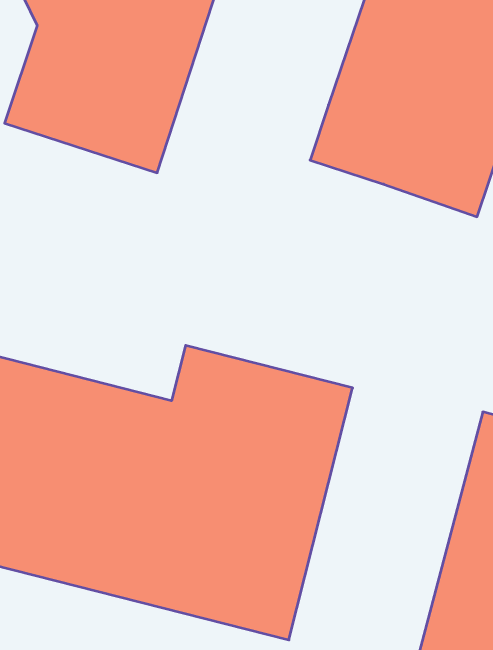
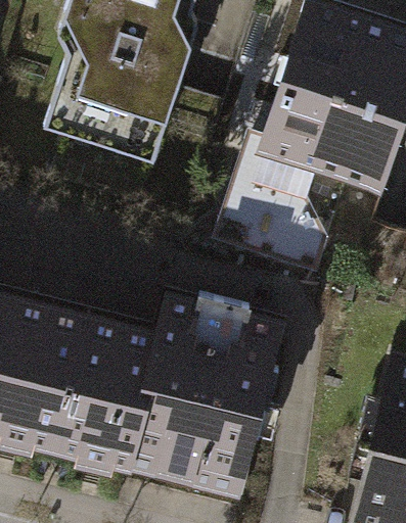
building: none -> [217,108,324,265]

